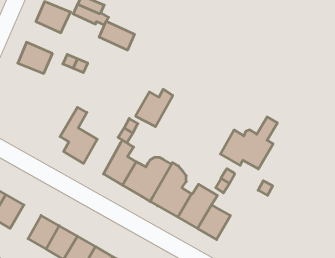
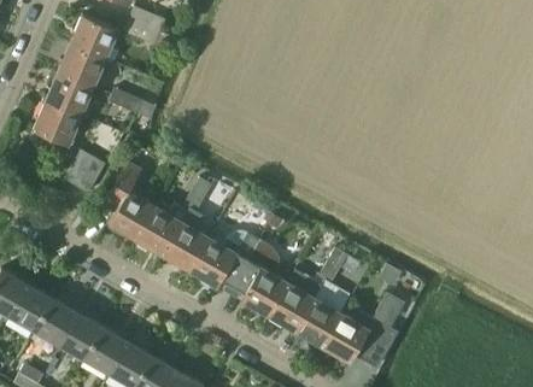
building: [99,21,134,50] -> none
building: none -> [57,43,105,88]
building: none -> [33,101,81,146]
building: [136,89,173,127] -> [136,204,188,256]
building: none -> [64,152,104,194]
building: [220,117,277,169] -> [322,295,402,368]
building: none -> [34,299,77,346]

